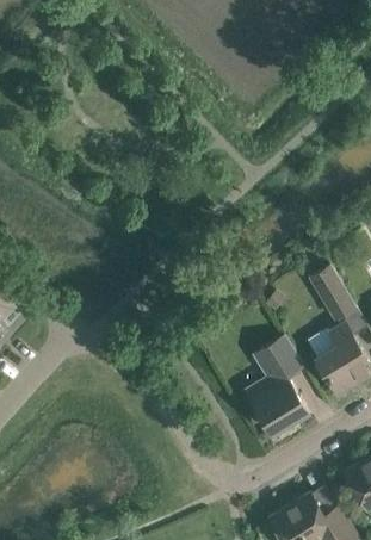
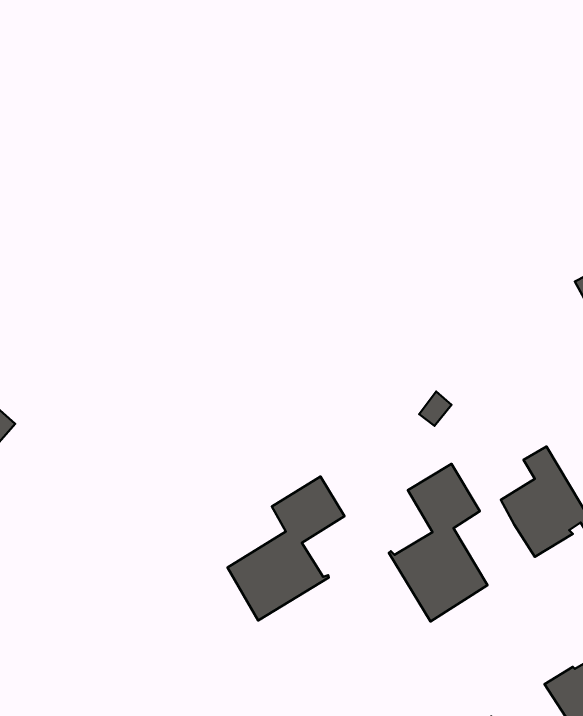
building: [309,263,355,318] -> none
building: none -> [227,477,344,620]

